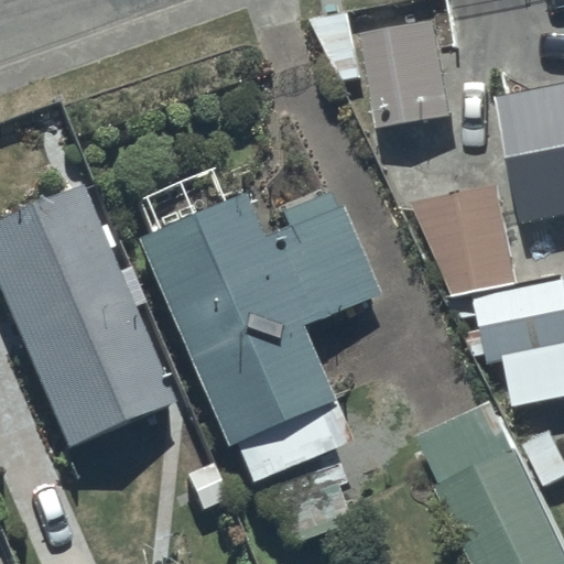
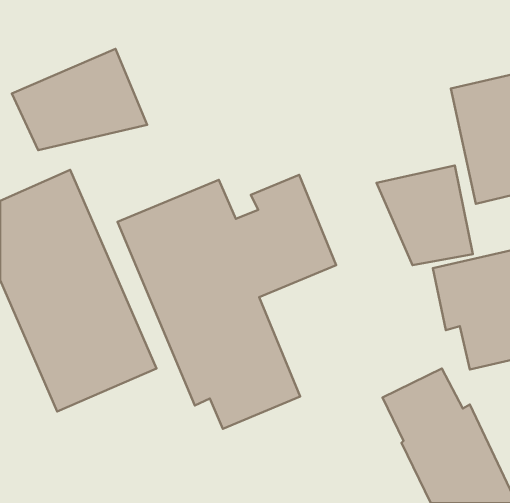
building: [367,19,452,126] -> none
building: none -> [12,49,147,150]

